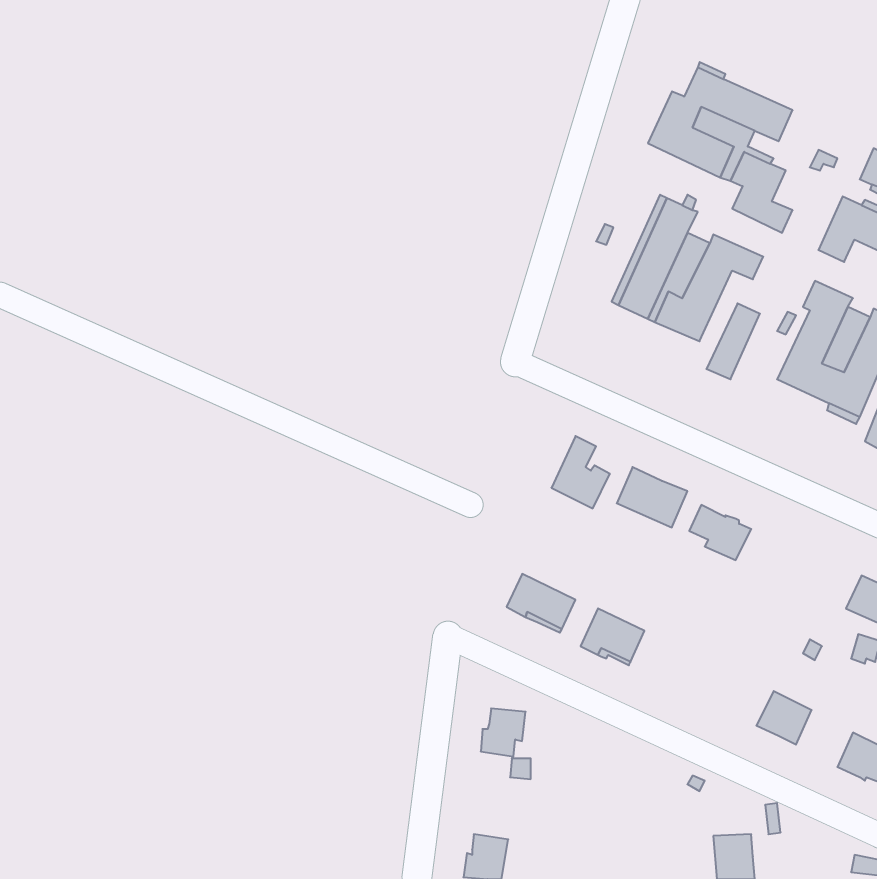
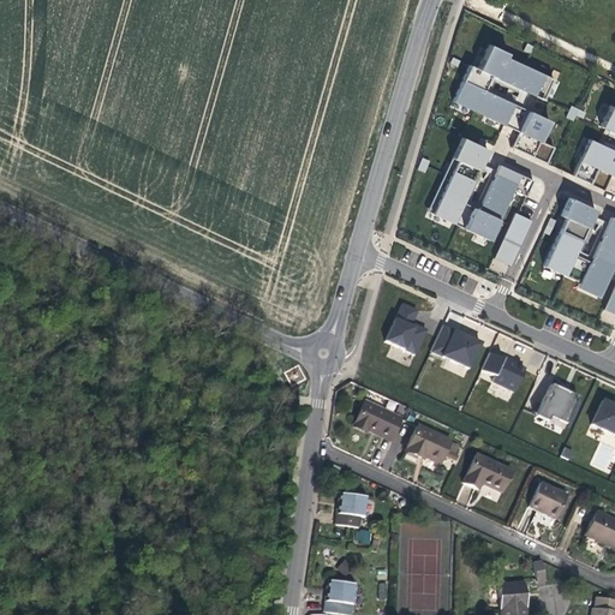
building: none -> [537,386,579,428]
building: none -> [465,454,513,492]

